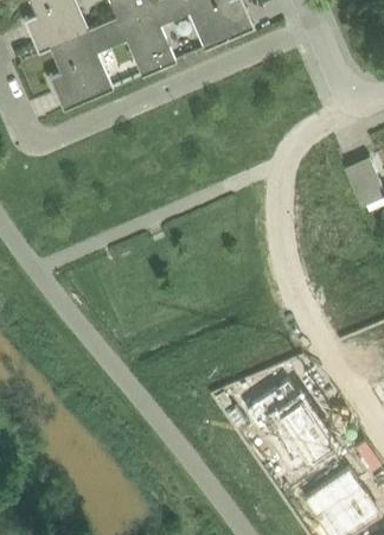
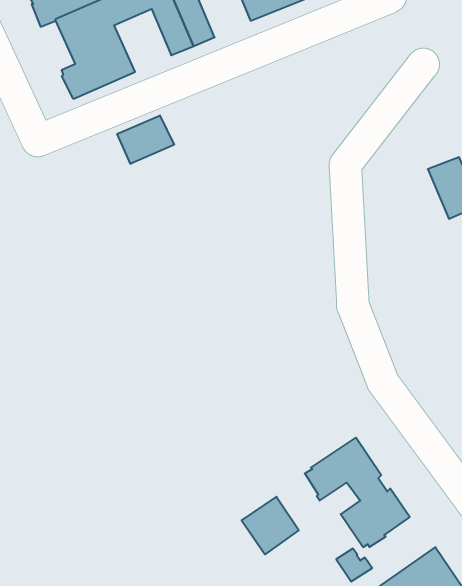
building: none -> [117,115,174,164]
building: none -> [242,497,299,554]

